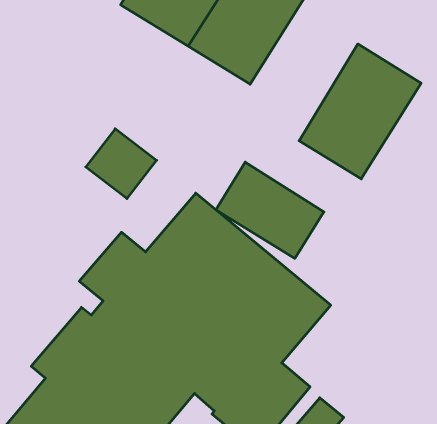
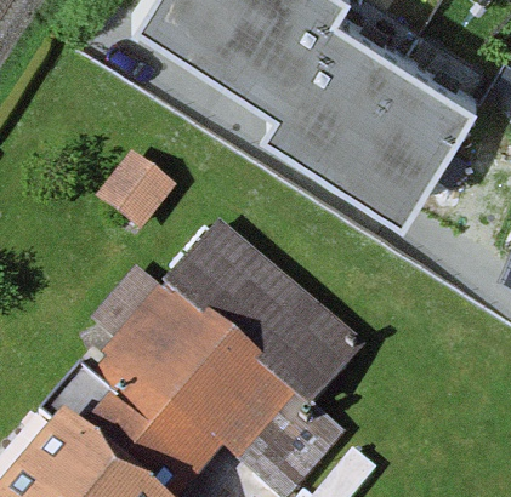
building: none -> [267,17,399,165]
building: [216,162,324,258] -> none

